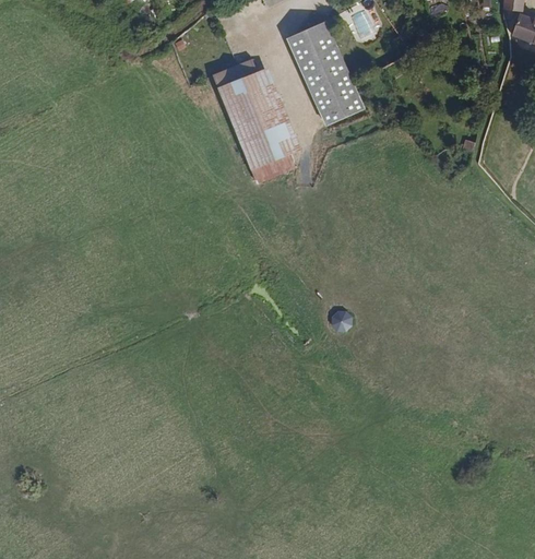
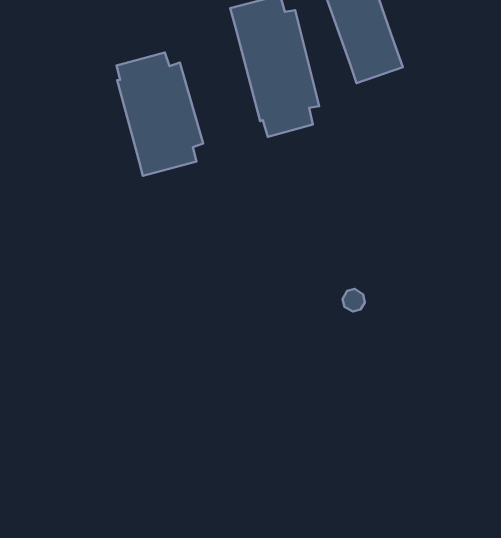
building: none -> [117,53,203,176]

